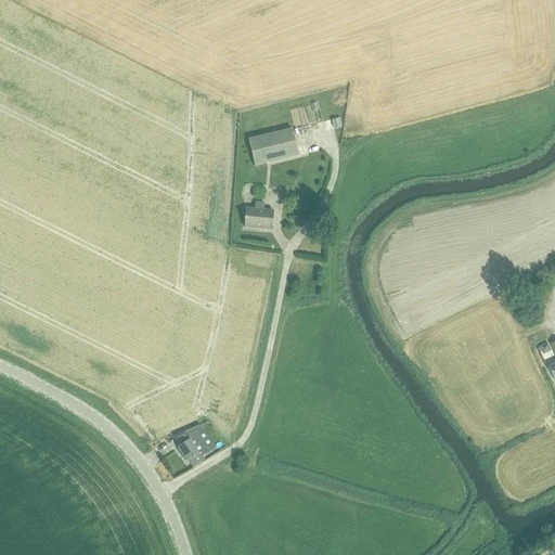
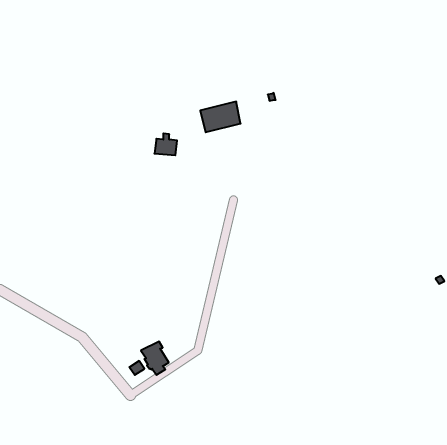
building: [245,199,273,227] -> [154,133,177,155]

